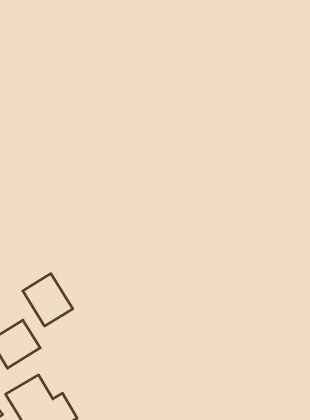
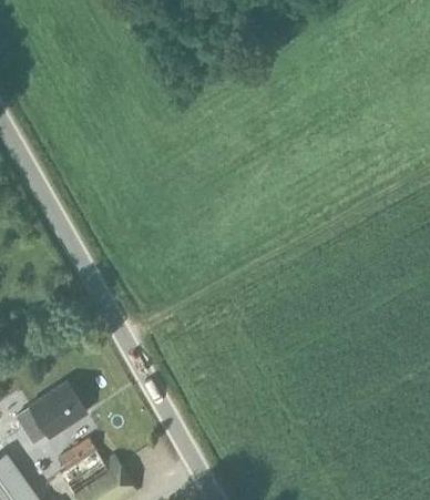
building: [23,274,73,326] -> none

